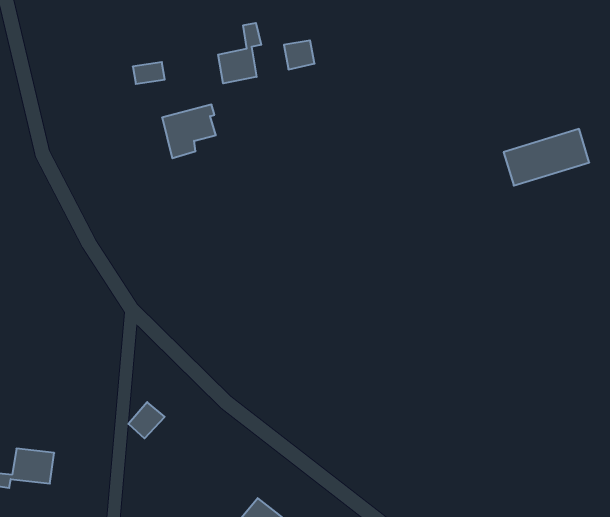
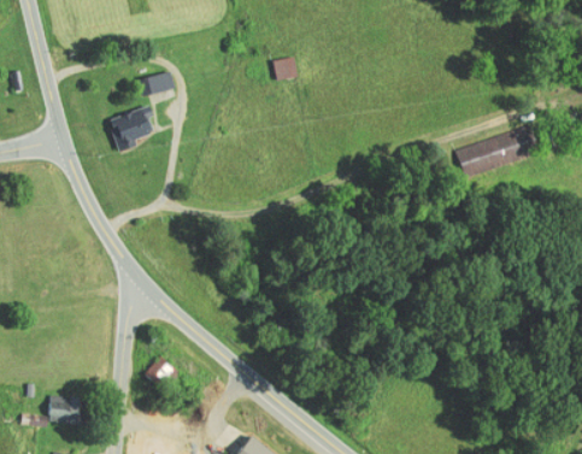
building: [218,23,261,83] -> none
building: [162,105,216,158] -> [108,107,153,152]

